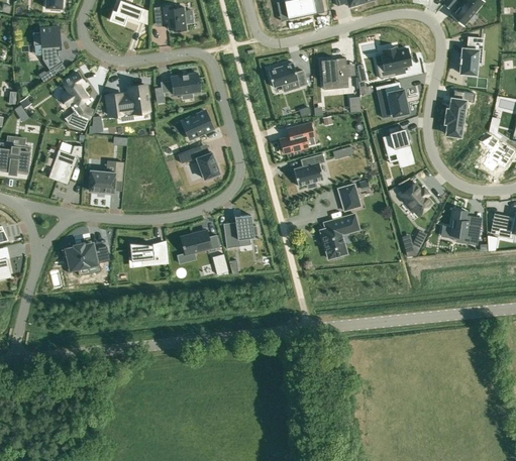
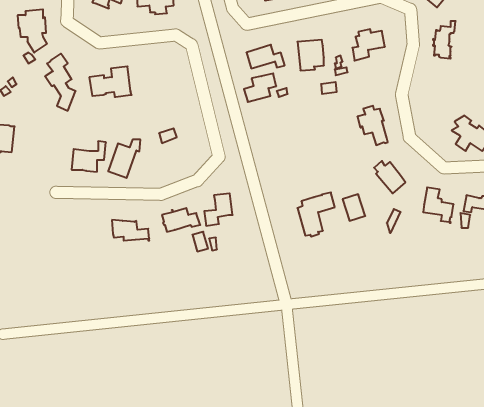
building: [171,73,200,95] -> none
building: [375,83,408,117] -> none
building: [444,92,475,136] -> none
building: [182,110,212,139] -> none
building: [280,123,313,152] -> [244,73,276,102]
building: [48,145,82,185] -> [108,140,140,178]
building: [196,152,219,181] -> none
building: [293,153,324,189] -> none
building: [337,184,360,211] -> [343,194,365,221]
building: [65,247,109,275] -> none

